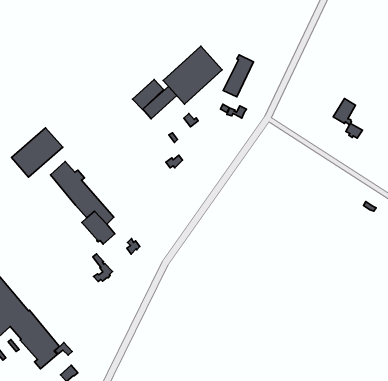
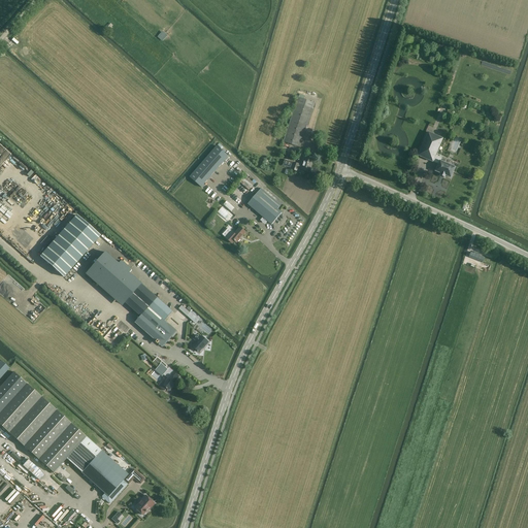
building: [163,46,222,104] -> none
building: [133,79,163,109] -> none
building: none -> [246,188,280,224]

